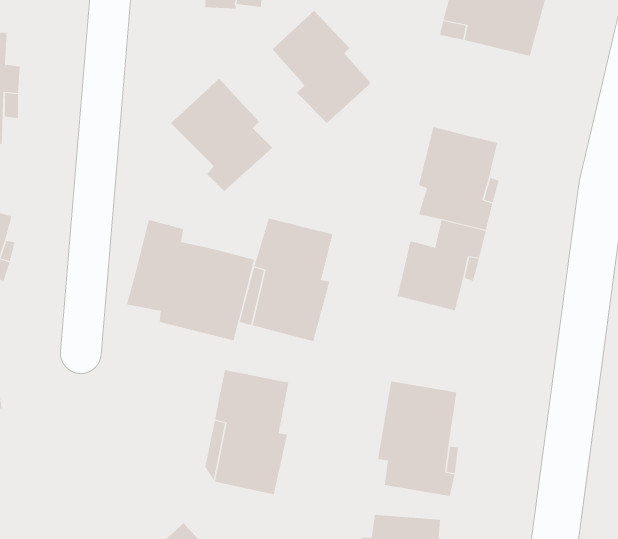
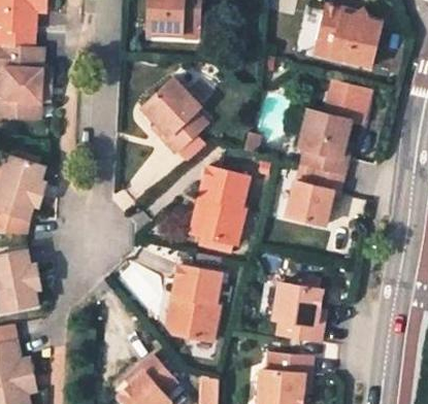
building: [272,10,372,124] -> none
building: none -> [326,87,370,123]
building: [126,219,255,341] -> none

